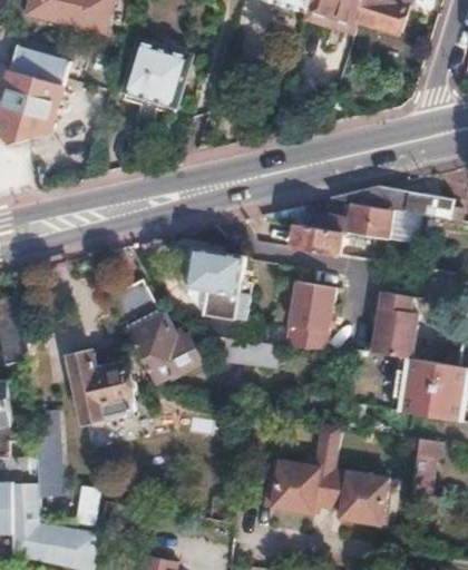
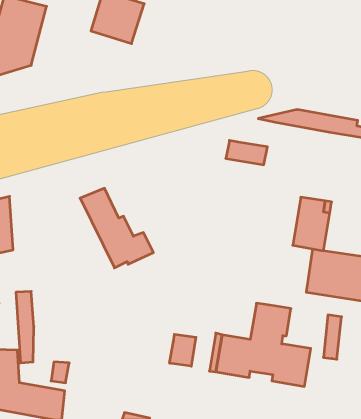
building: [305,202,418,244] -> none
building: [186,249,248,322] -> none
building: [284,285,332,352] -> none
building: [67,354,133,422] -> none
building: none -> [170,334,196,366]

